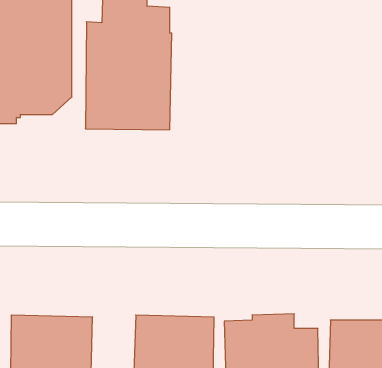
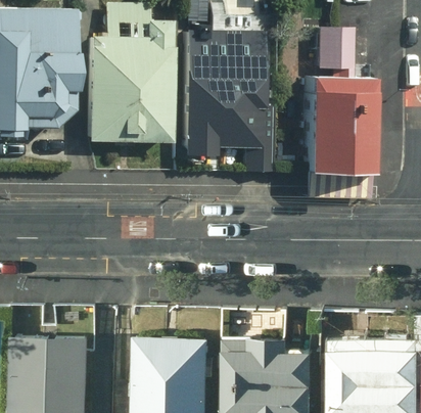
building: none -> [311,26,377,175]
building: none -> [184,31,274,171]

